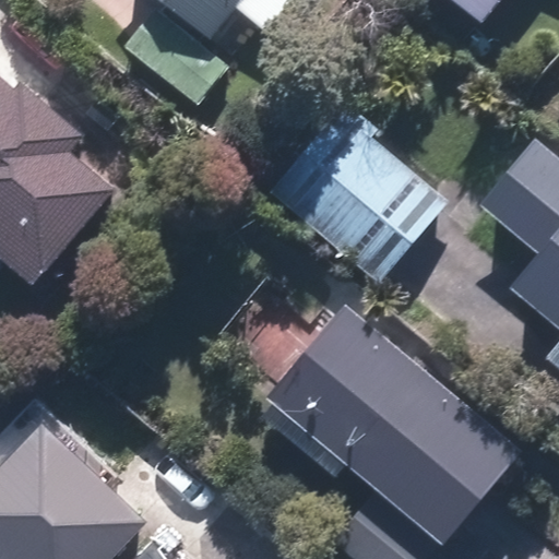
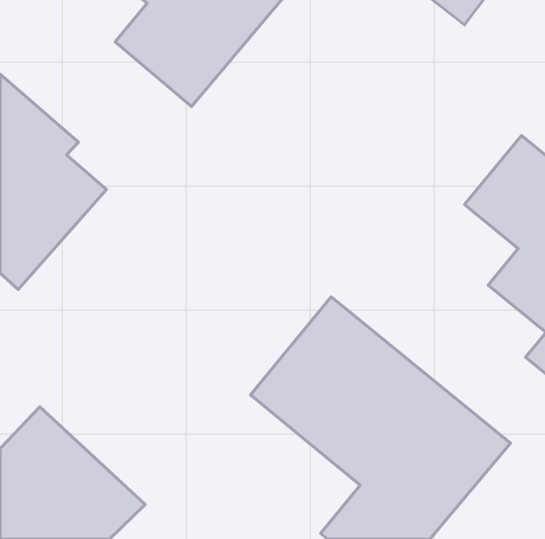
building: [265,107,447,282] -> none

